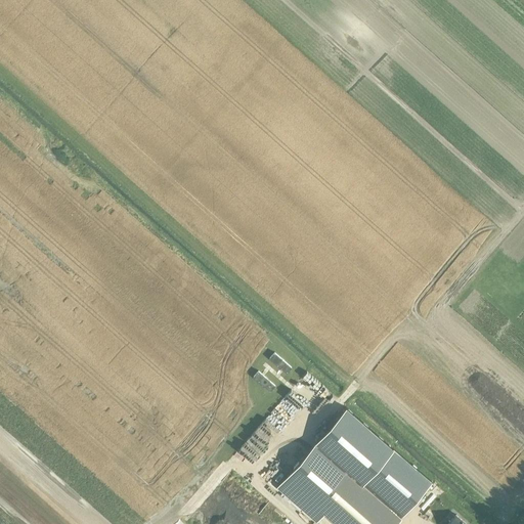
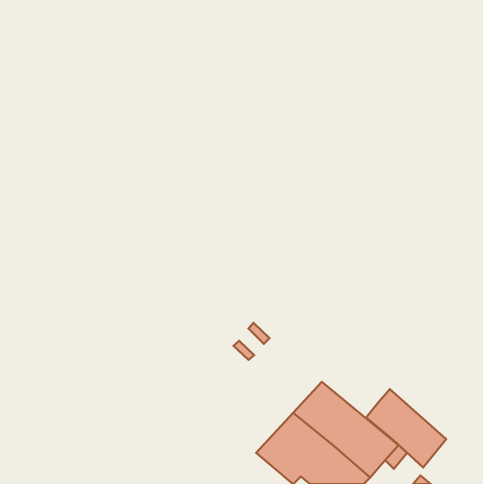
building: none -> [366,389,446,467]

